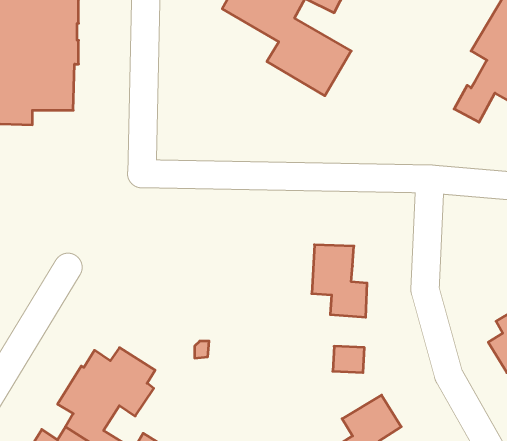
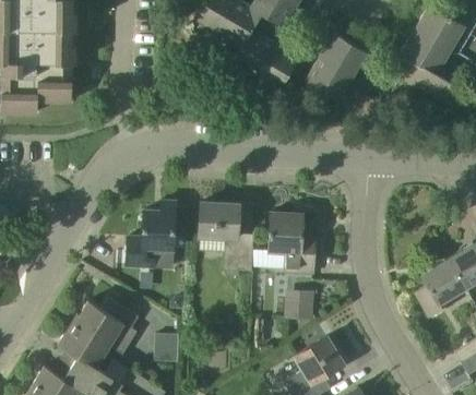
building: none -> [305,32,367,99]
building: none -> [127,201,176,267]
building: none -> [199,203,260,277]
building: none -> [154,332,178,361]

